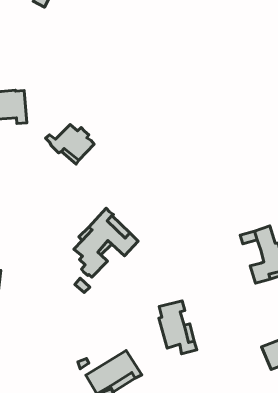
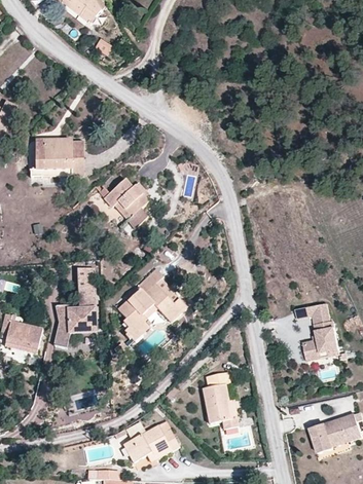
building: none -> [55,268,97,349]

